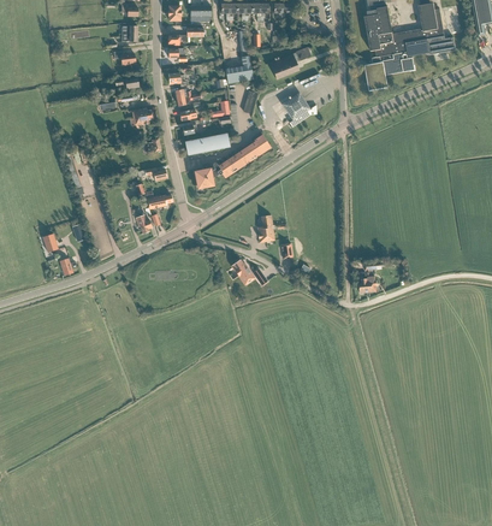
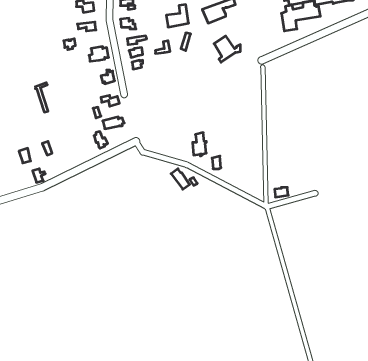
building: [184,134,227,155] -> none
building: [194,135,267,188] -> none

